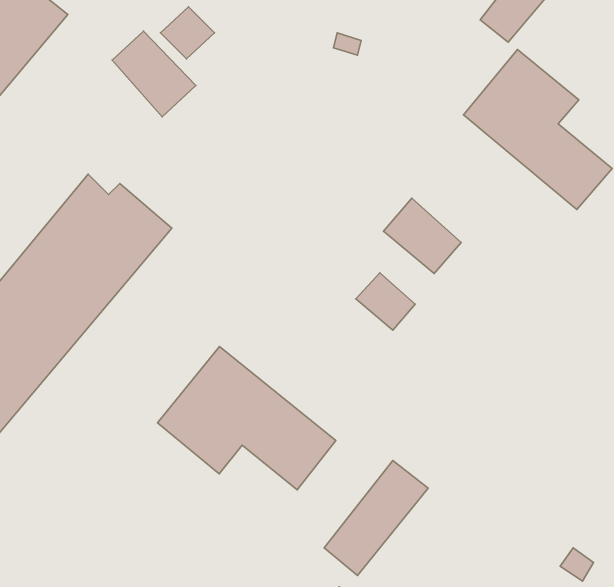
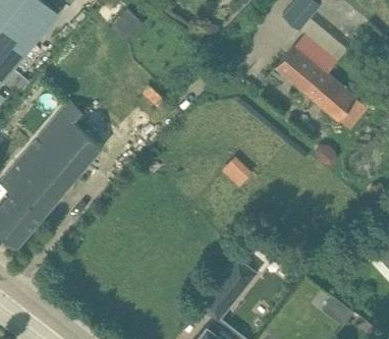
building: [112,31,196,117] -> none
building: [383,198,461,273] -> none
building: [158,347,336,490] -> none

